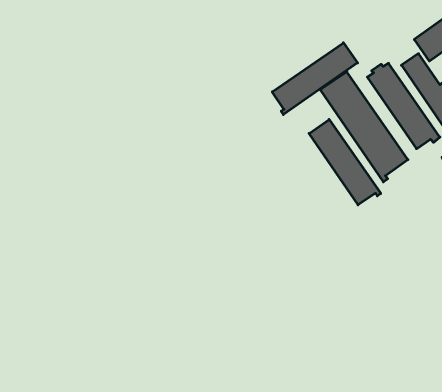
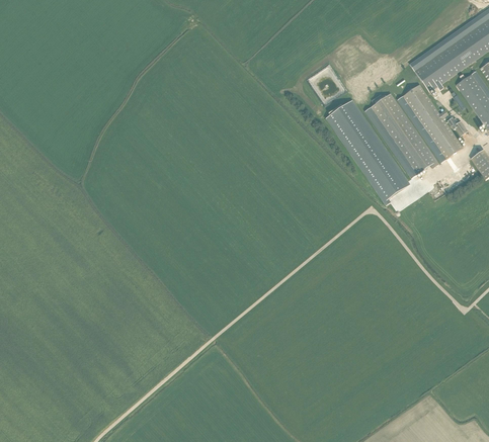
building: [272,43,358,115] -> none
building: [309,119,381,205] -> none

